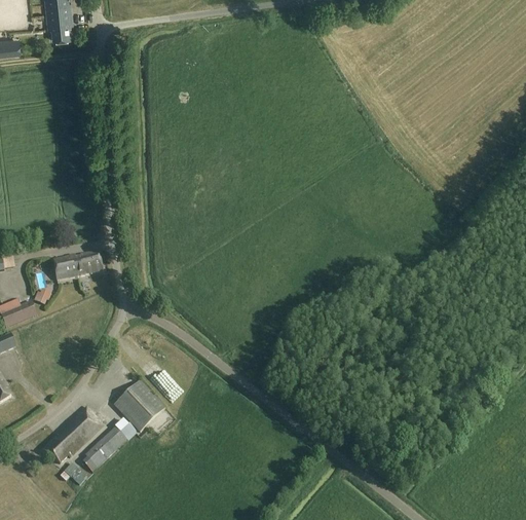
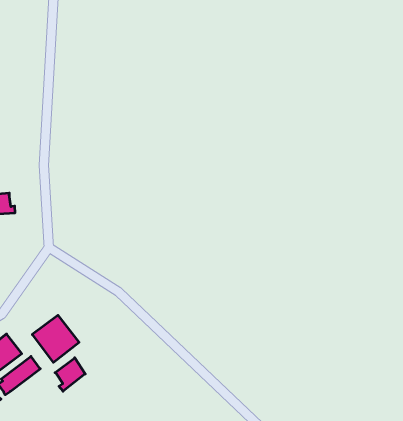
building: [73,249,103,274] -> none
building: none -> [55,358,85,391]

